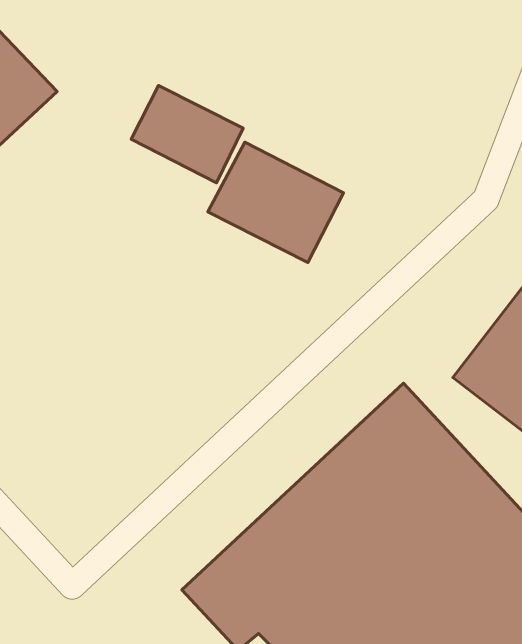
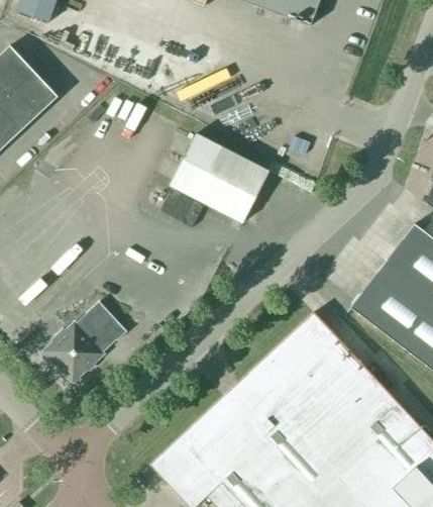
building: [131,85,243,183] -> none
building: none -> [43,302,127,383]

